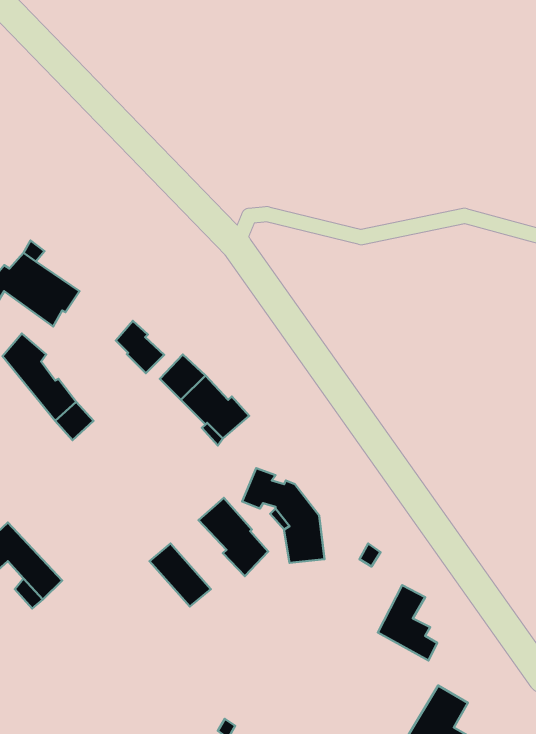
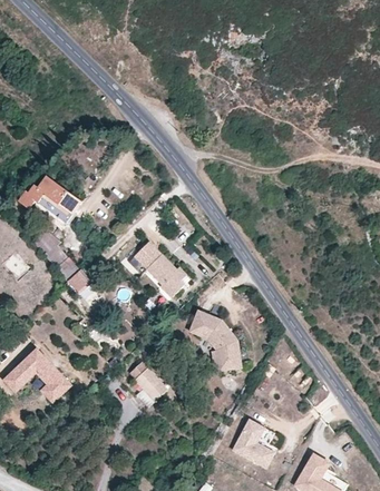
building: [116,321,164,373] -> none
building: [199,498,268,576] -> none
building: [378,585,437,660] -> [233,421,271,469]

